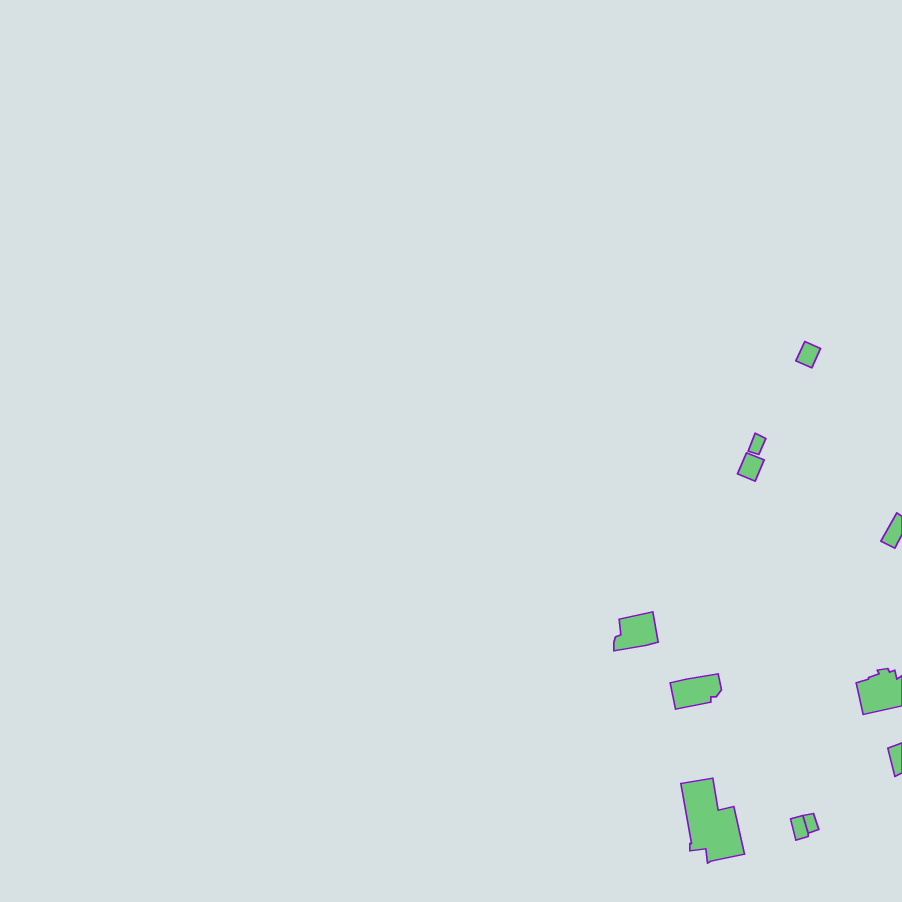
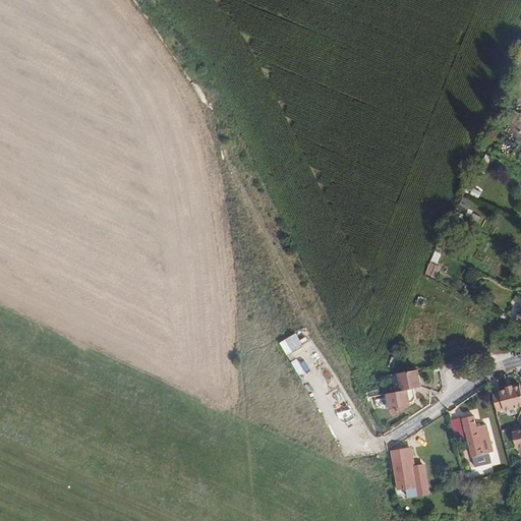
building: [614,612,658,651] -> [395,368,420,391]
building: none -> [450,416,493,466]

